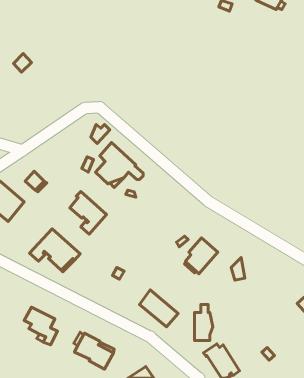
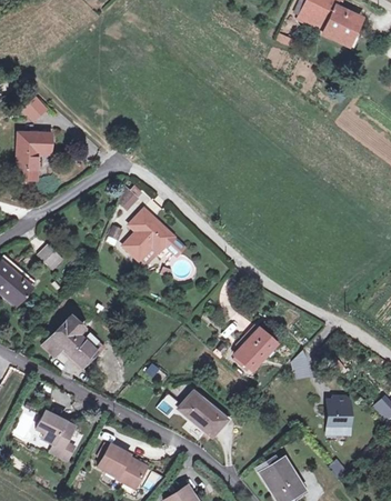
building: none -> [18,132,51,179]
building: [70,191,107,234] -> none
building: [195,304,213,340] -> [328,395,350,440]

